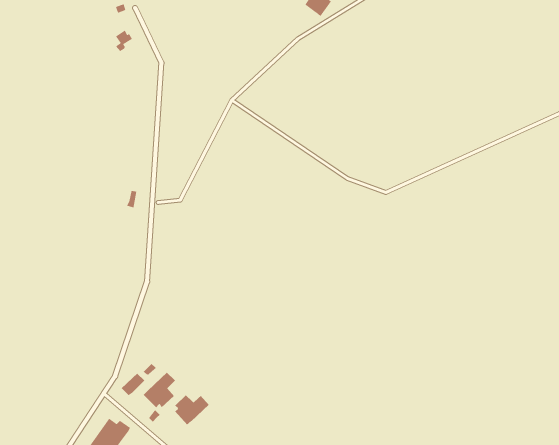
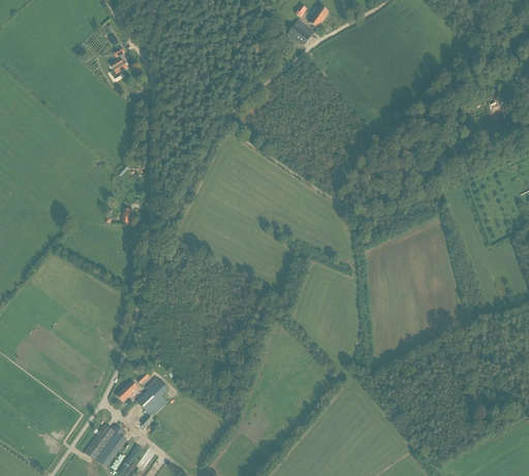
building: [174,395,210,426] -> none

